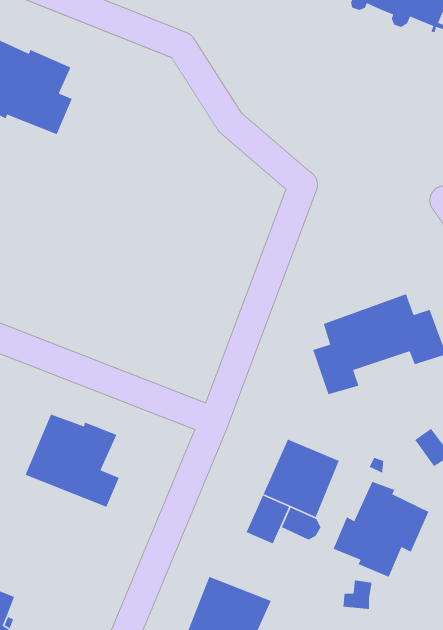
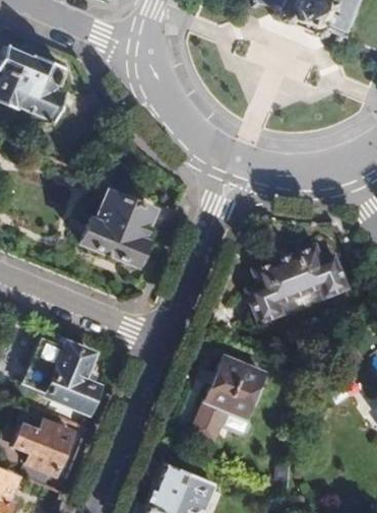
building: none -> [80,190,153,263]
building: [333,481,429,578] -> none
building: none -> [16,421,74,485]

